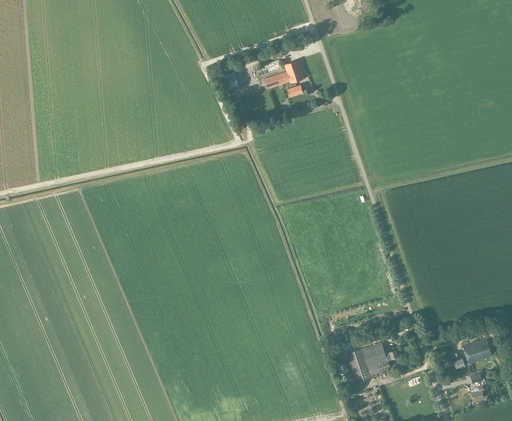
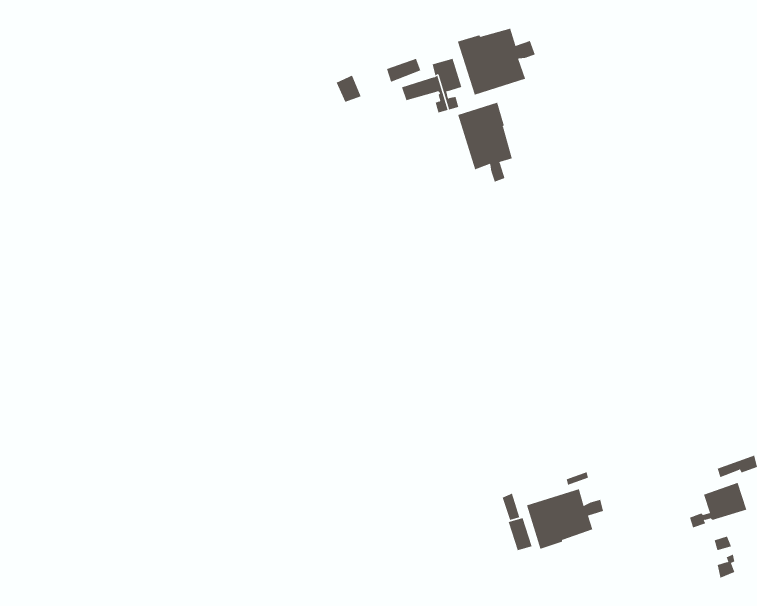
building: none -> [457,28,536,96]
building: none -> [457,102,513,183]

